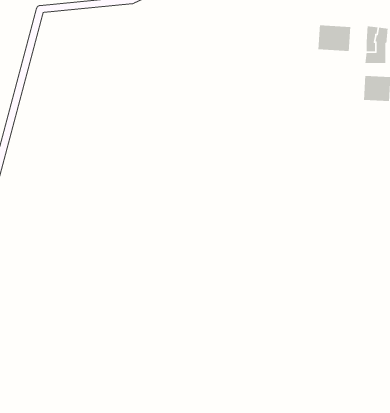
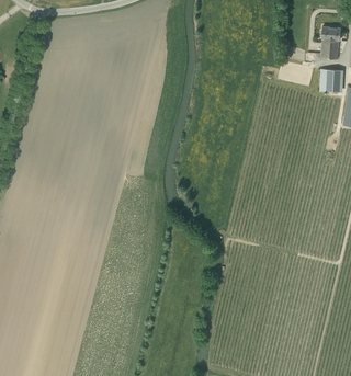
building: [317,24,351,52] -> none

